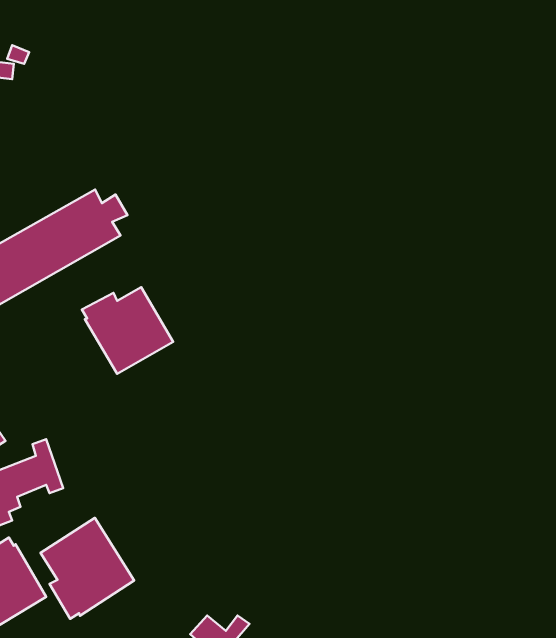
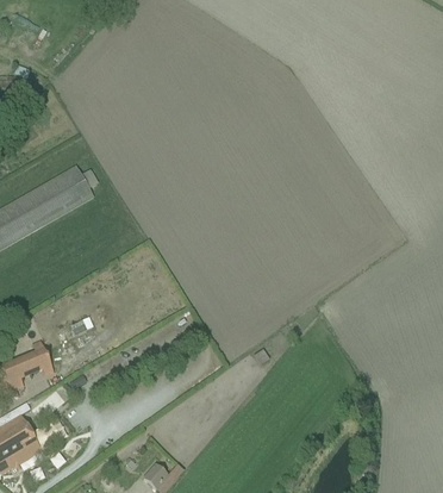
building: [82,287,173,374] -> none
building: [41,518,134,619] -> none

